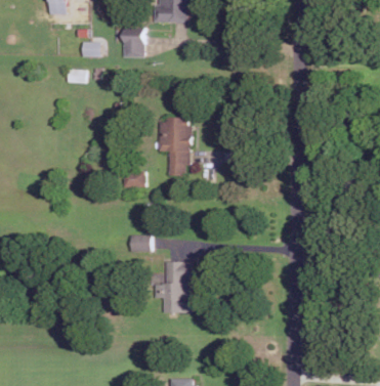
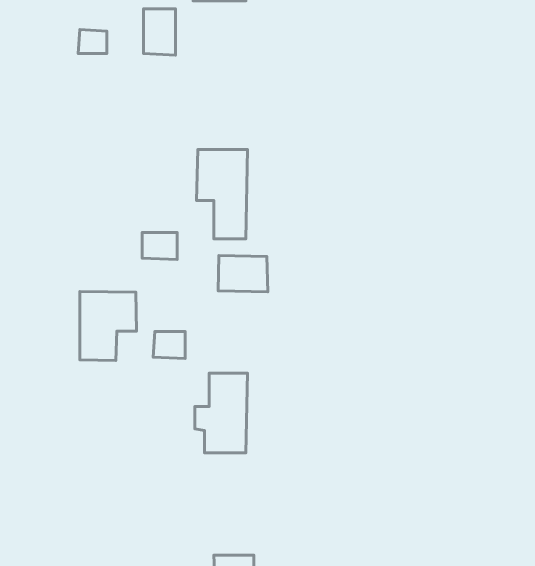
building: none -> [218,256,268,292]
building: none -> [80,291,136,360]

